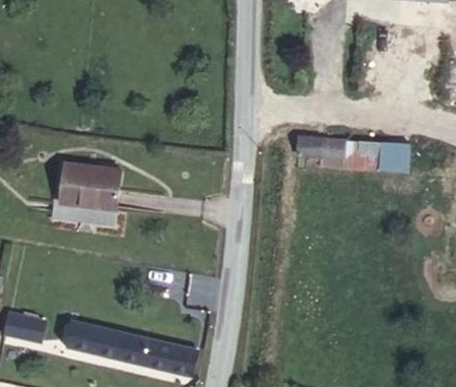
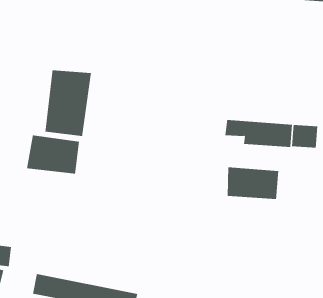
building: none -> [45,70,91,137]
building: none -> [227,166,279,200]

